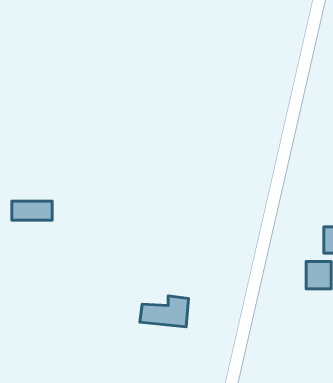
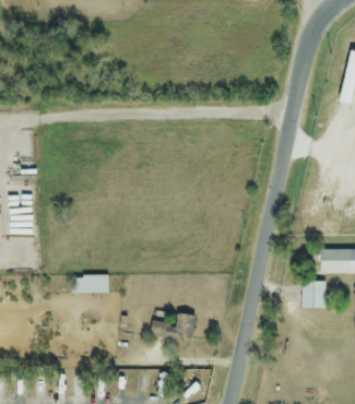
building: [12,201,52,220] -> [73,275,110,293]

